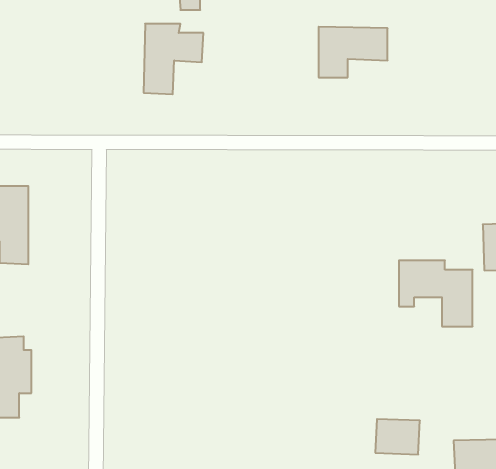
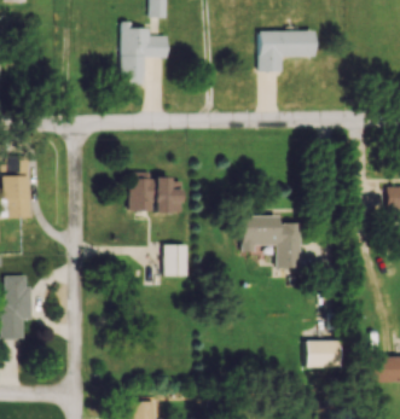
building: none -> [129,173,181,214]
building: [399,260,473,326] -> [242,216,300,268]
building: none -> [164,245,187,277]

